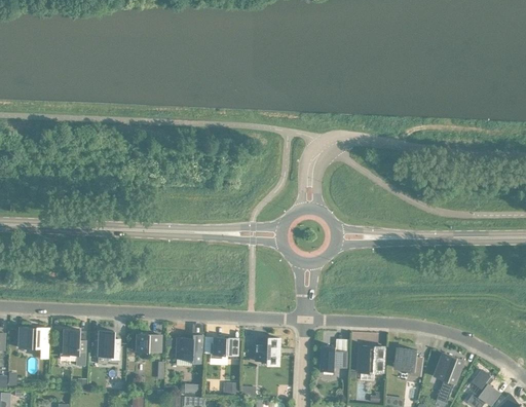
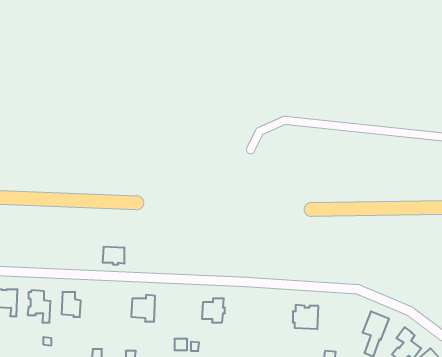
building: [135,334,159,354] -> [103,247,125,264]
building: [210,337,236,359] -> none
building: [321,346,347,371] -> none
building: [394,347,422,375] -> none

